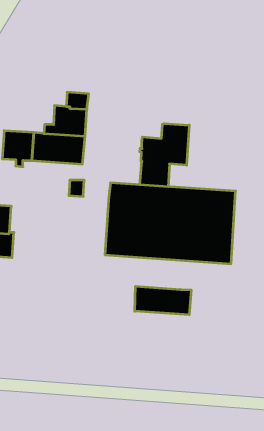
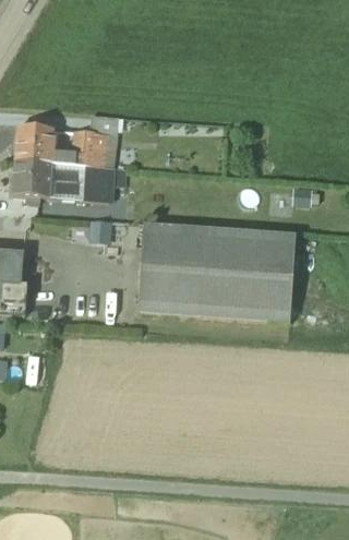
building: none -> [14,120,63,163]
building: [140,124,189,187] -> none
building: [135,286,191,315] -> none

